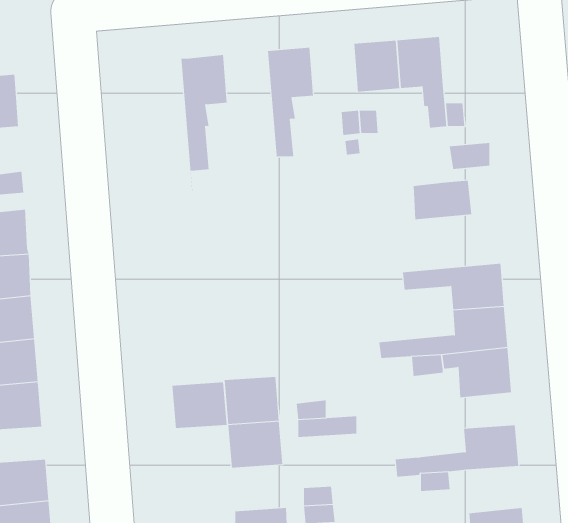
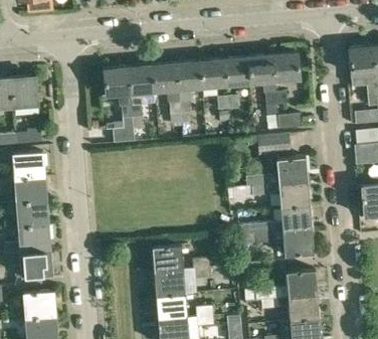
building: none -> [272,52,299,81]
building: none -> [200,58,226,88]
building: none -> [152,62,181,124]
building: none -> [103,66,134,143]
building: none -> [246,157,307,186]
building: [172,382,227,429] -> [156,294,187,320]
building: none -> [288,295,319,321]

